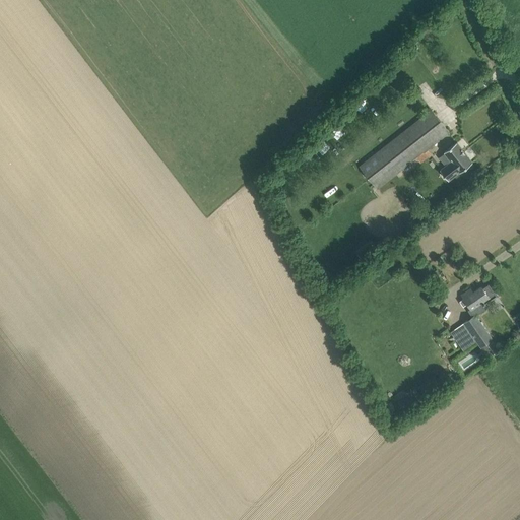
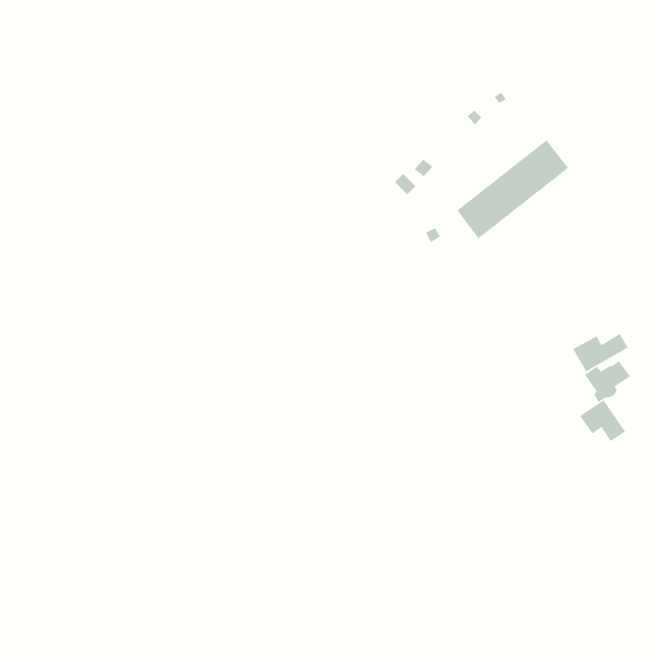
building: [439,143,470,181] -> none
building: none -> [572,333,628,372]

